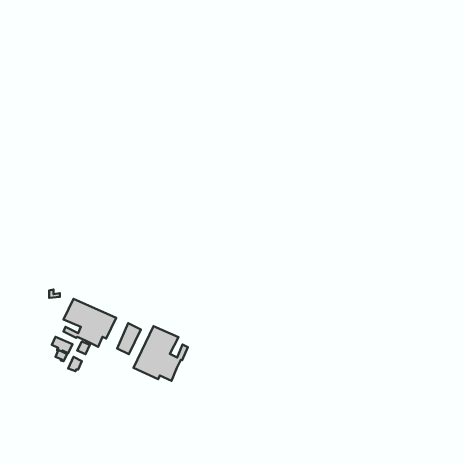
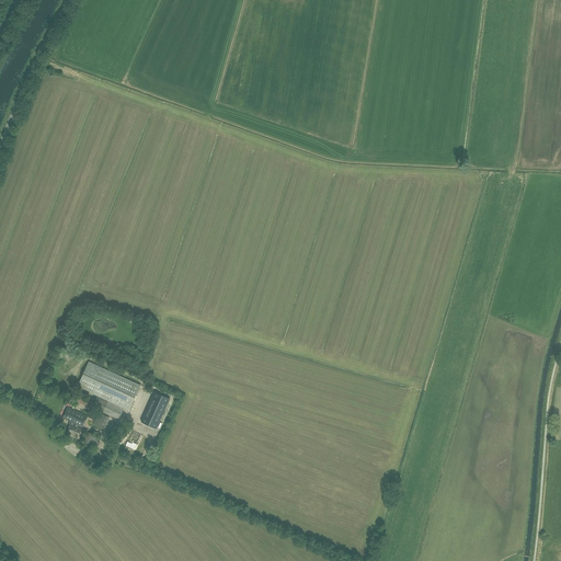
building: [133,326,188,381] -> none

